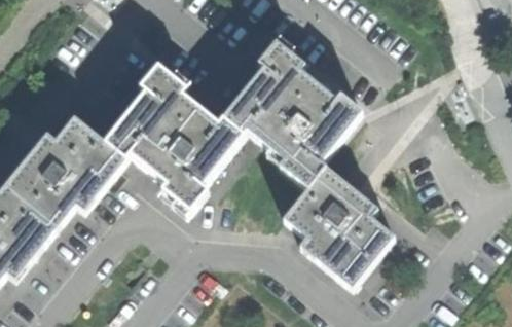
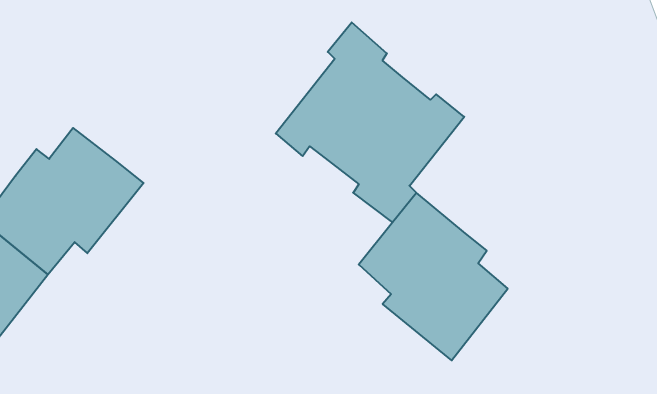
building: [105,62,242,208] -> none

